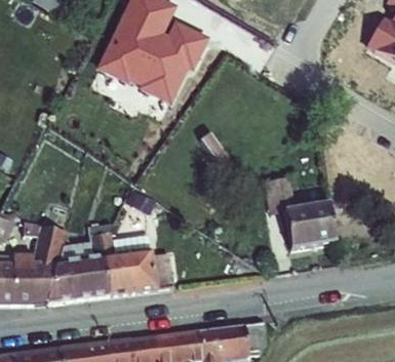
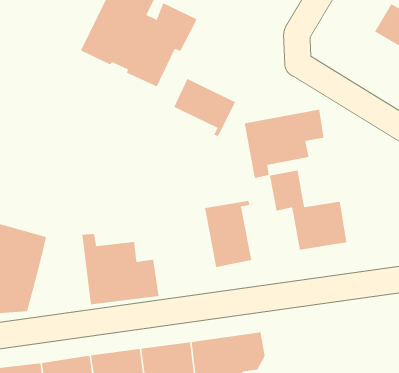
building: none -> [173,78,236,137]
building: none -> [244,109,324,179]
building: none -> [205,200,252,268]
building: [49,225,107,303] -> none

